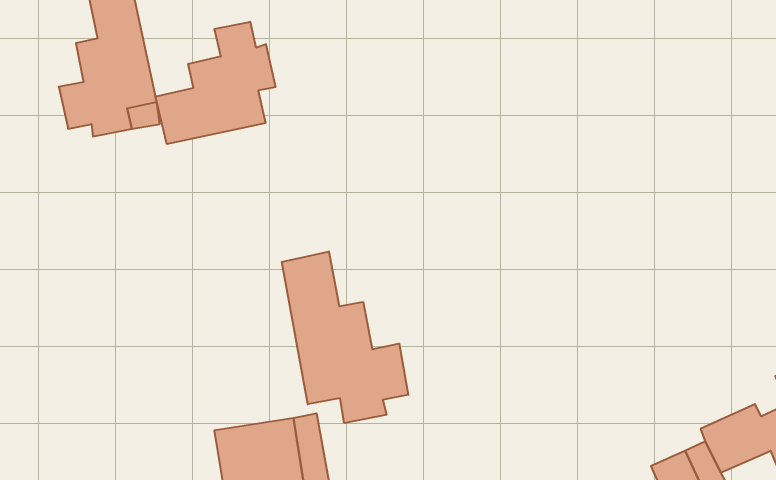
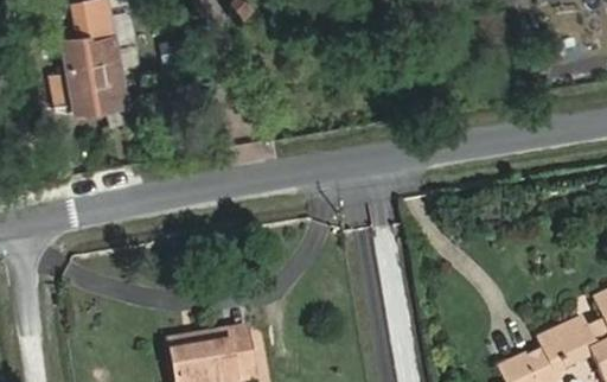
building: [155,22,276,144] -> none
building: [282,251,408,423] -> none

